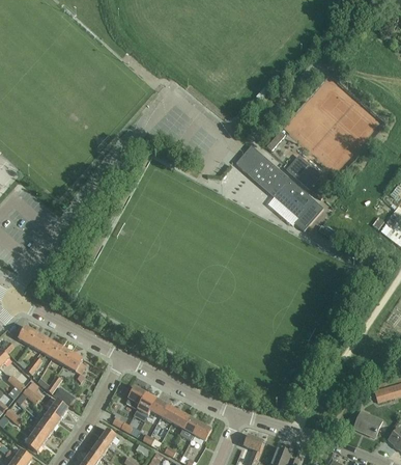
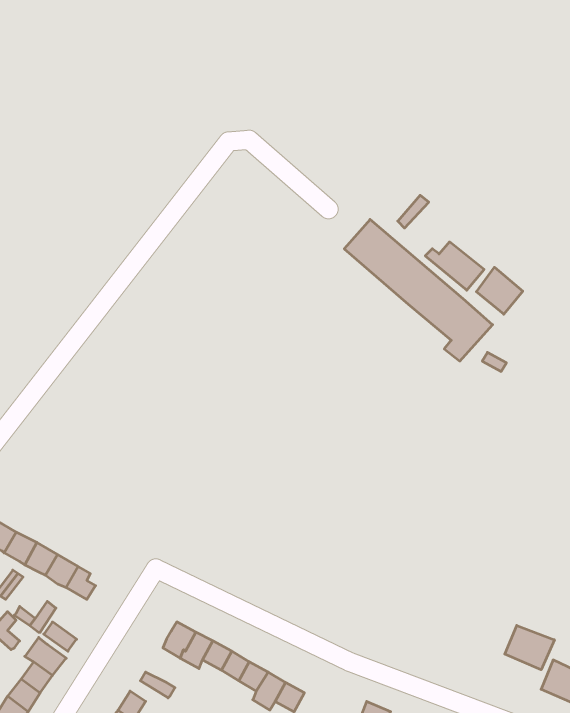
building: none -> [476,267,523,314]
building: none -> [505,625,554,670]

